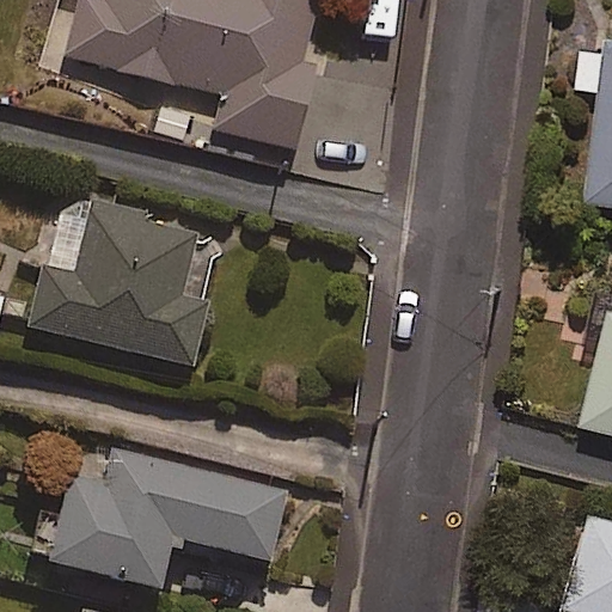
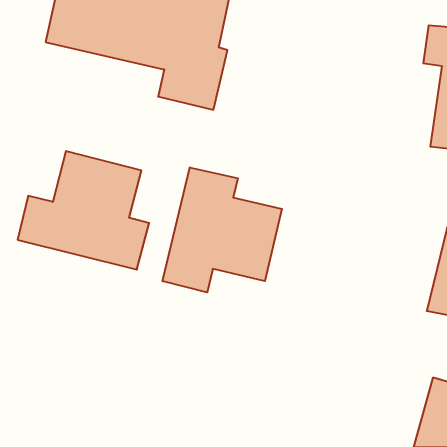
building: none -> [163,167,282,292]
building: [44,443,286,590] -> none

